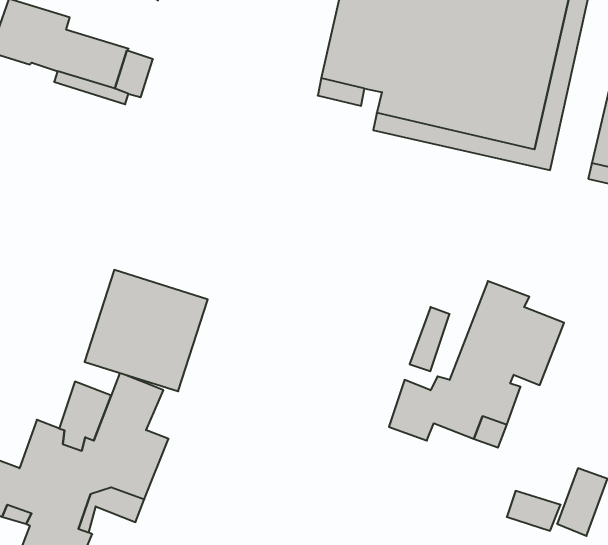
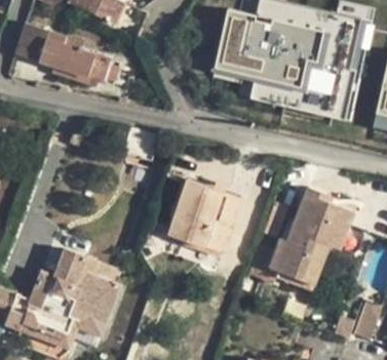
building: [85,270,208,391] -> [168,179,241,251]

